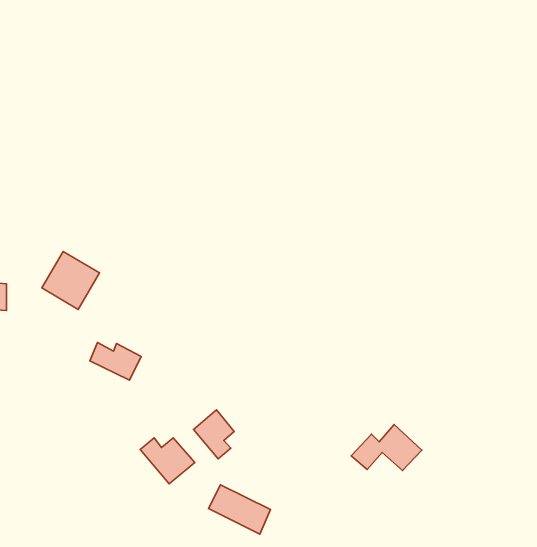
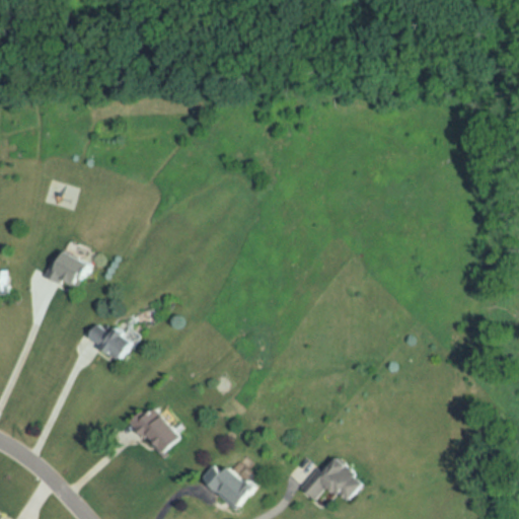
building: [193,410,234,459] -> none
building: [351,425,422,471] -> [297,457,364,501]

